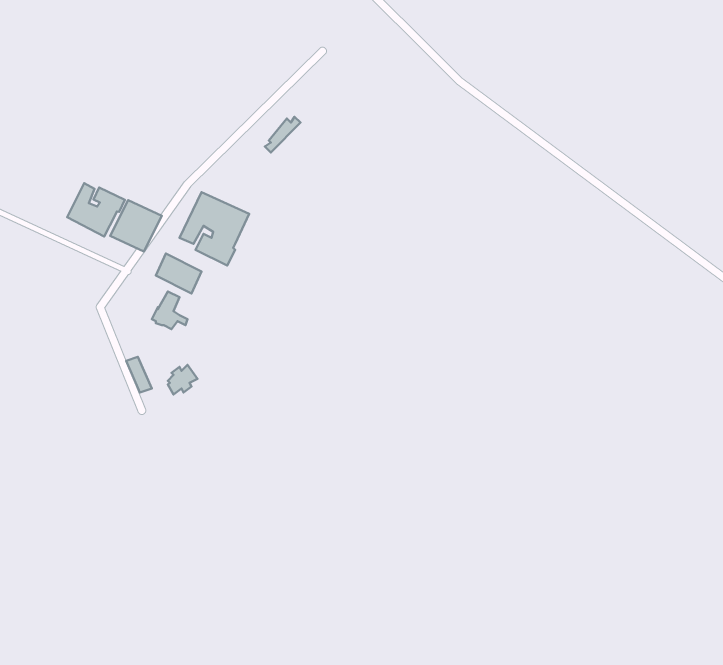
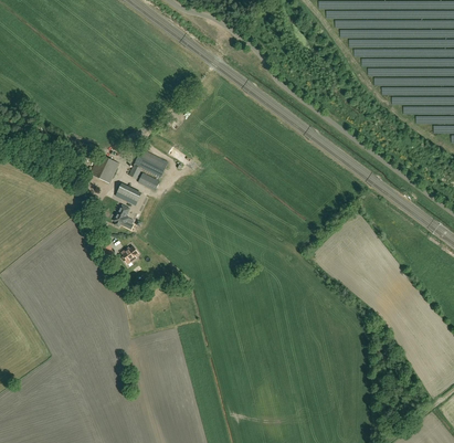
building: [67,183,125,236] -> none

